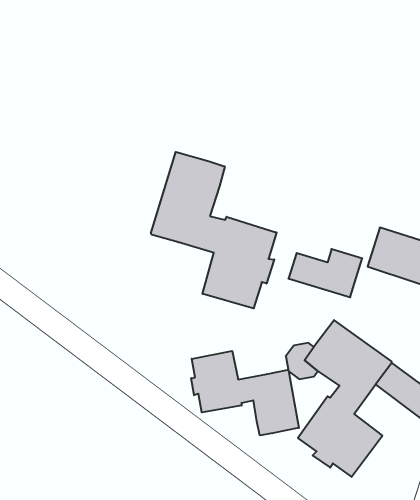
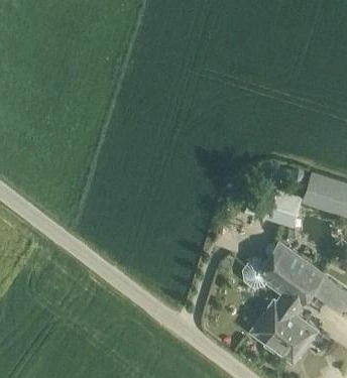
building: [151,152,277,308] -> none
building: [191,351,299,435] -> none

